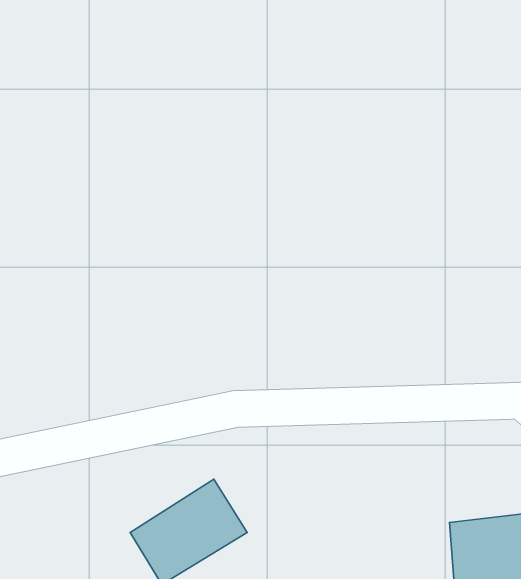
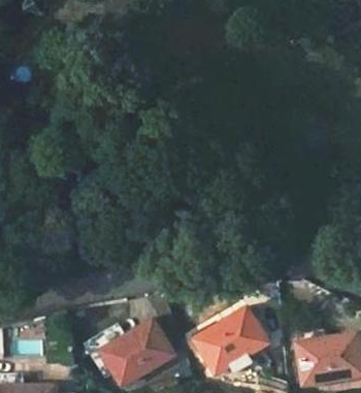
building: none -> [194,307,265,371]

